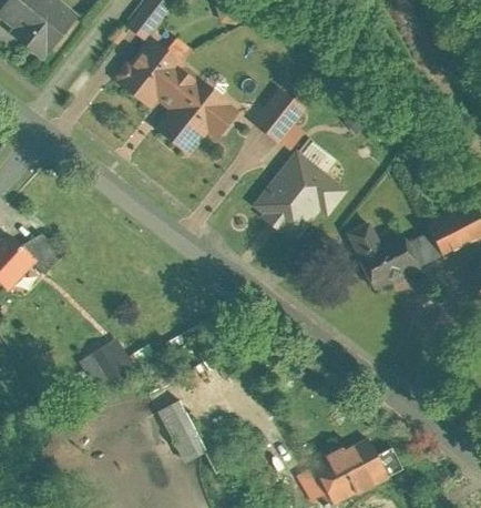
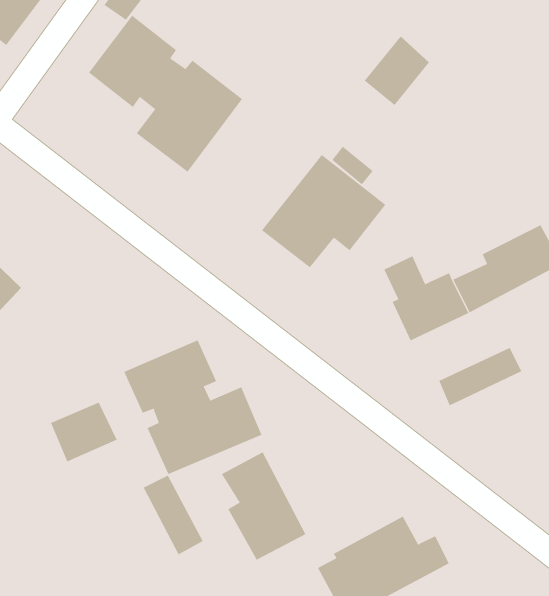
building: [253,87,305,142] -> [364,36,430,106]
building: none -> [124,340,262,475]
building: none -> [438,347,522,406]
building: none -> [221,451,306,560]

